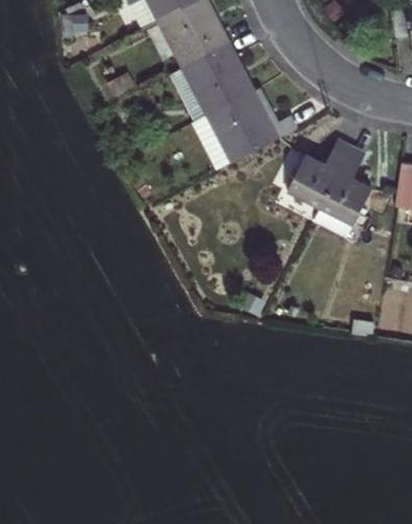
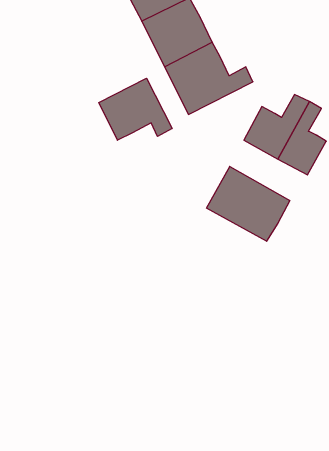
building: none -> [99,78,172,140]
building: none -> [207,166,290,241]

